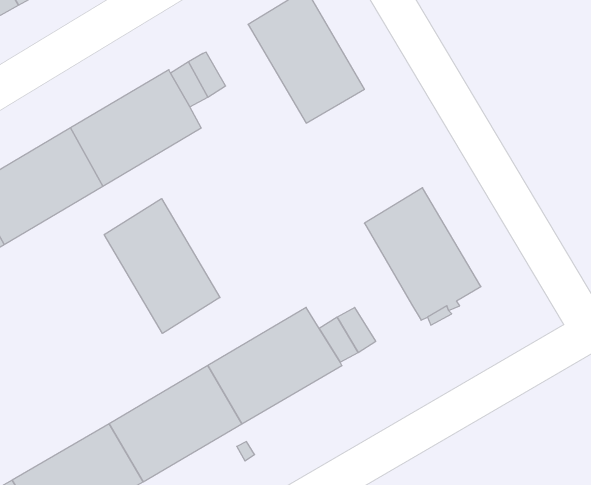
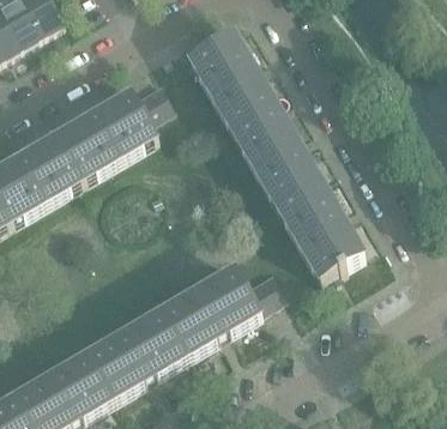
building: none -> [234,104,320,204]
building: [104,199,220,333] -> none

